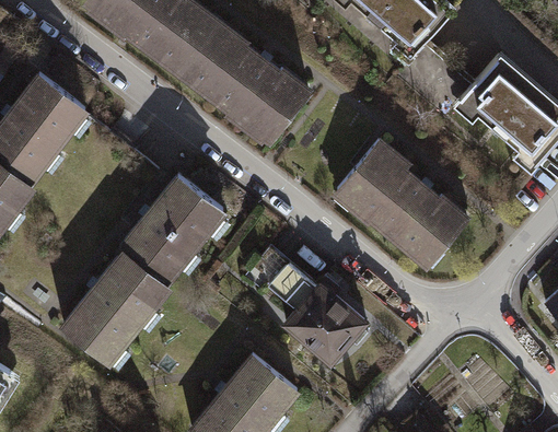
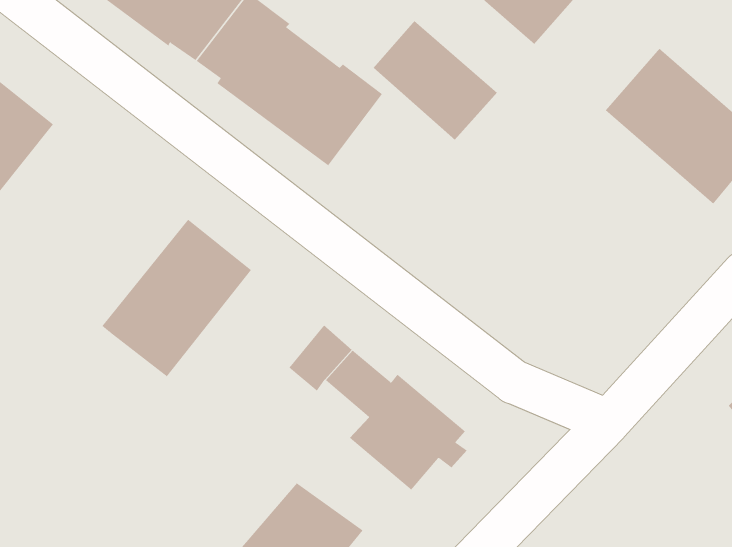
building: none -> [373,20,498,140]
building: [338,141,468,267] -> none
building: [63,254,166,362] -> none

